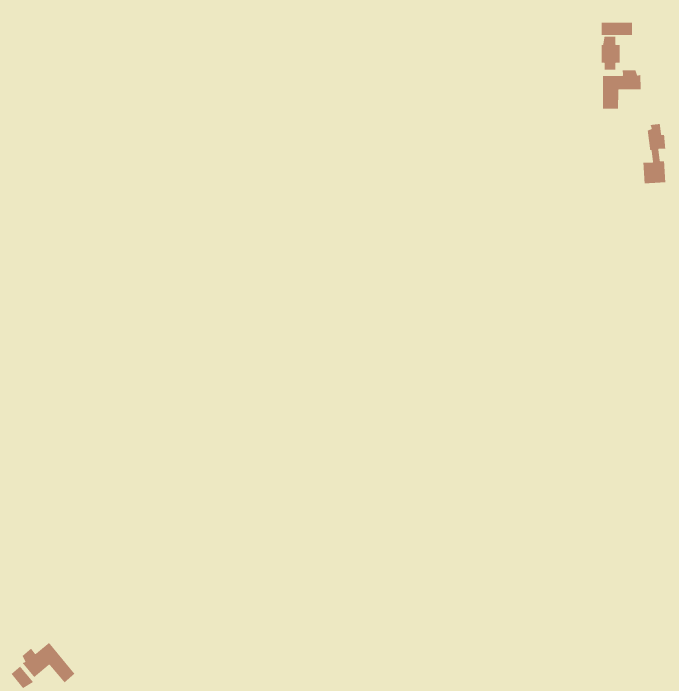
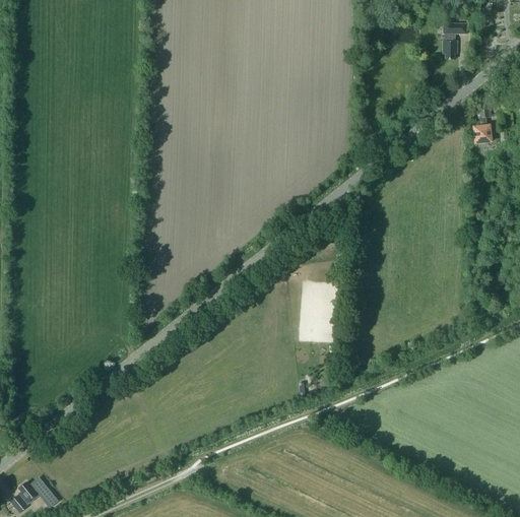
building: [602,70,641,109] -> none

